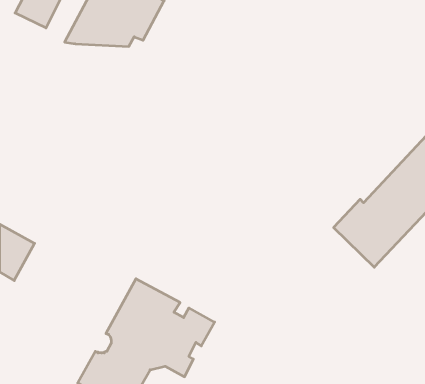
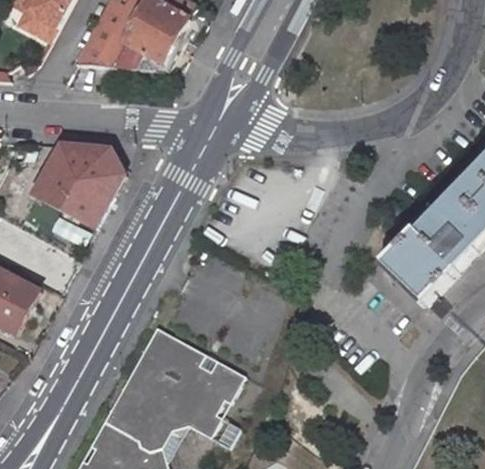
building: none -> [32,141,124,225]

